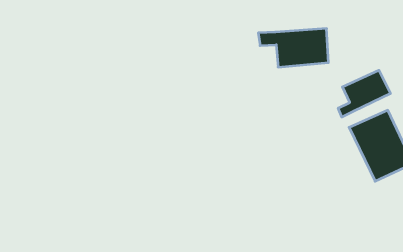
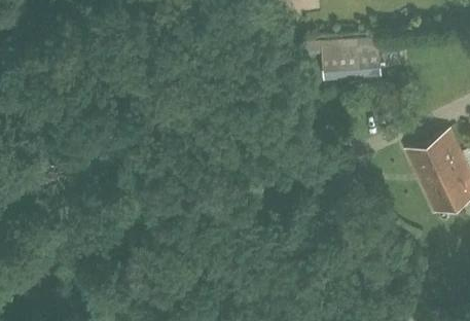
building: [338,70,390,117] -> none

